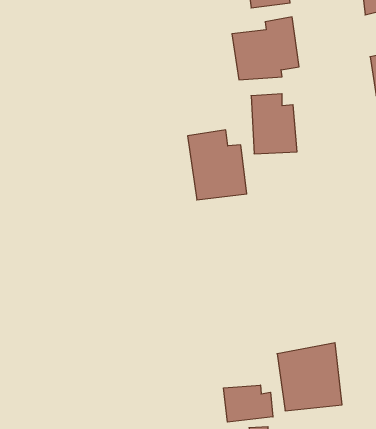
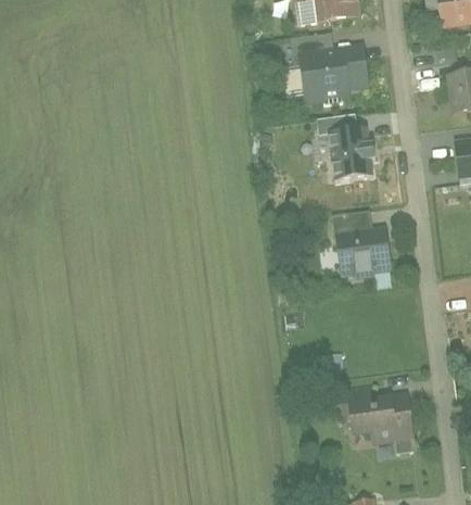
building: [188,130,247,200] -> [329,200,393,276]
building: [224,385,273,422] -> none

